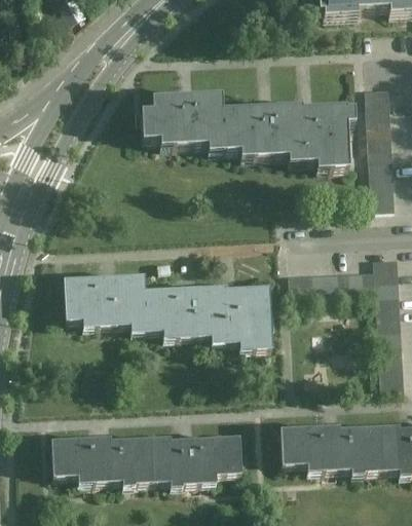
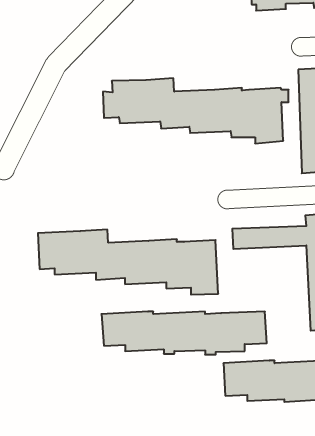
building: [50,437,244,487] -> [101,312,267,355]

